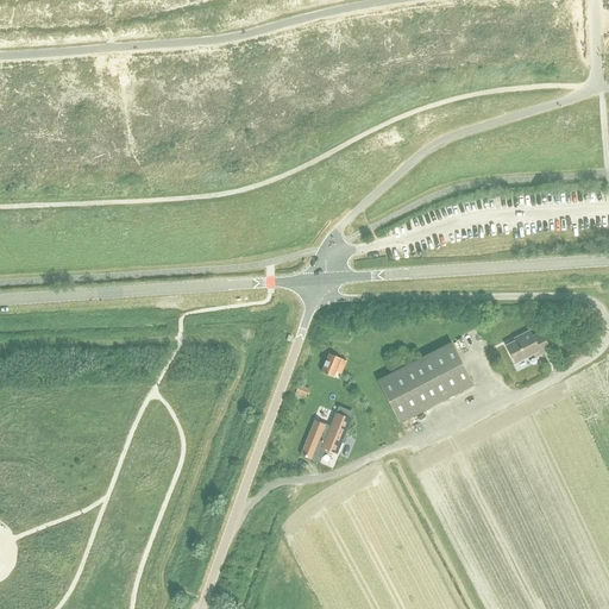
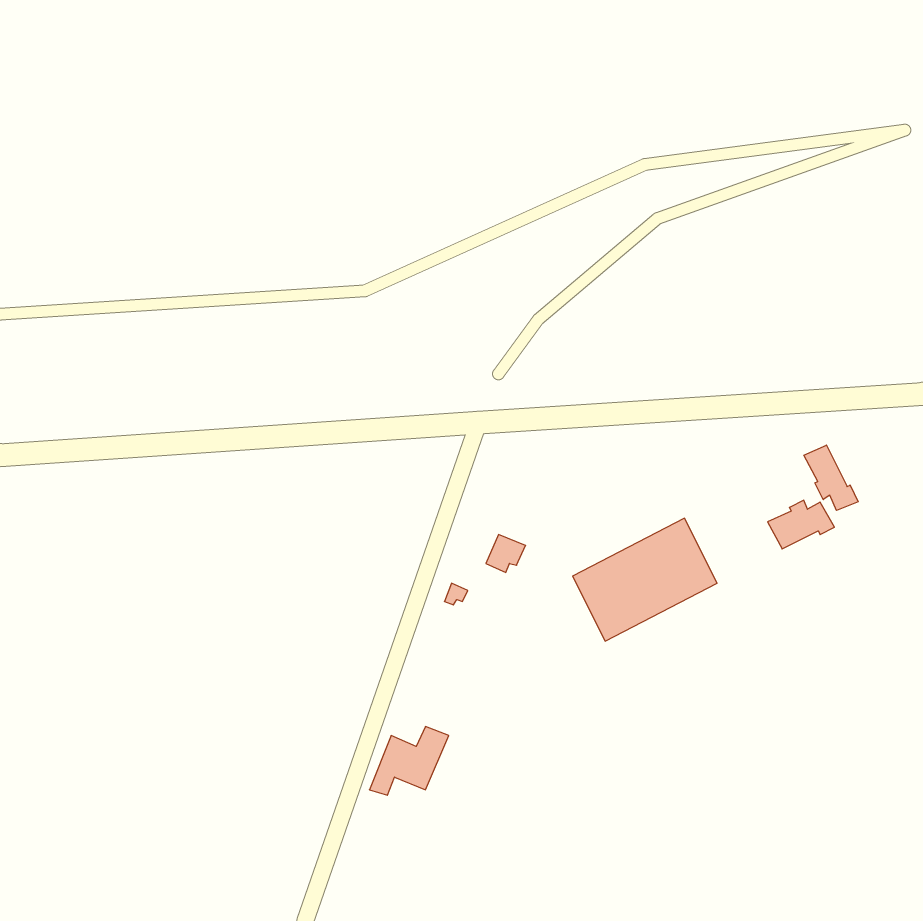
building: none -> [804,445,858,510]
building: [299,412,351,457] -> [369,727,449,795]

